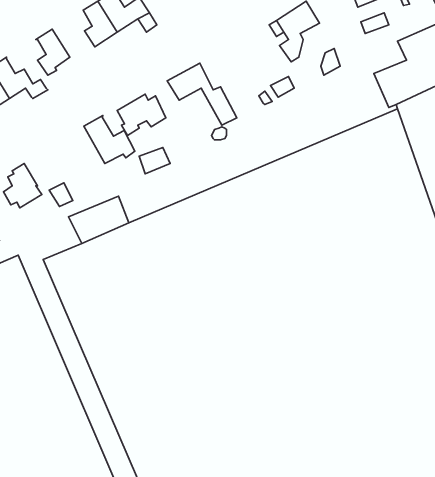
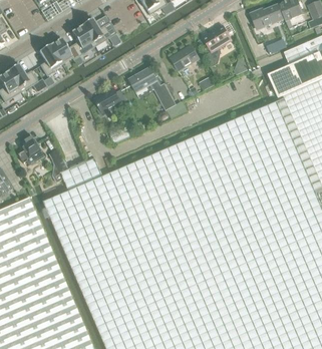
building: none -> [50,38,79,63]
building: none -> [170,45,199,72]
building: [84,116,135,163] -> none

